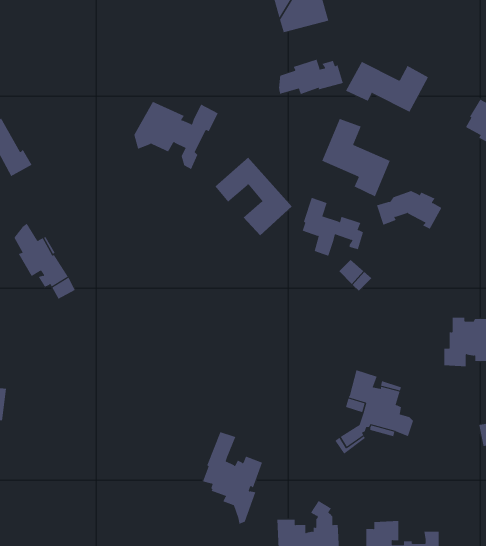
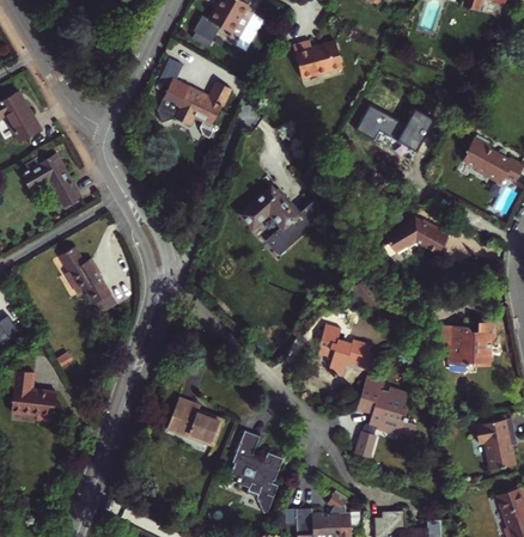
building: [279,59,343,95] -> none
building: [134,101,218,170] -> [157,78,232,139]
building: [322,118,390,197] -> none
building: [302,197,364,257] -> [319,324,374,377]
building: none -> [167,398,225,446]

